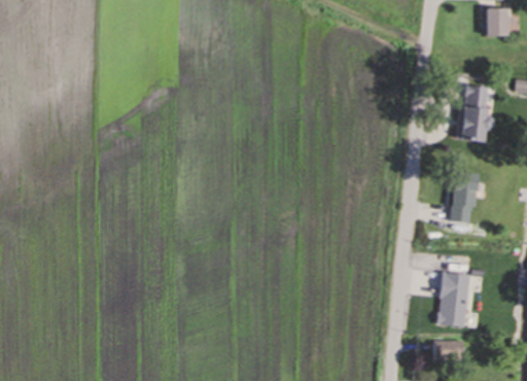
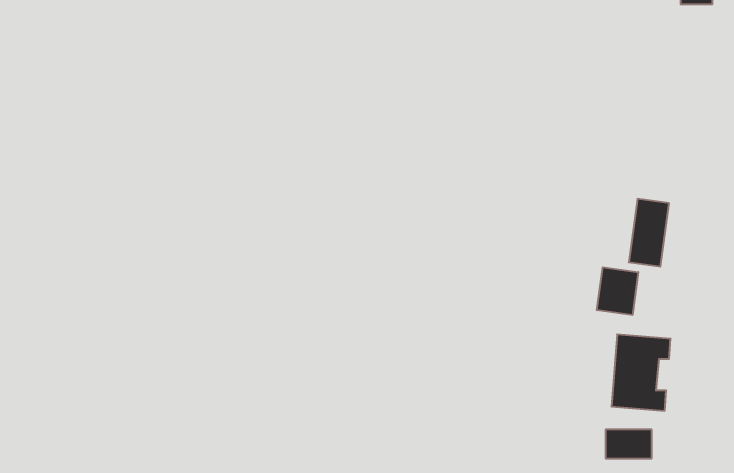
building: [463,84,490,141] -> none
building: none -> [597,267,638,315]

